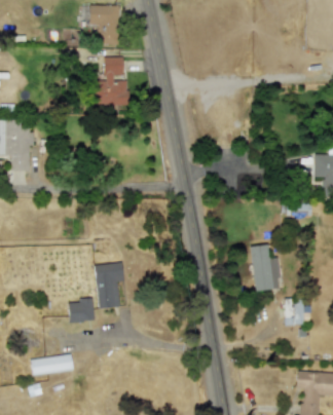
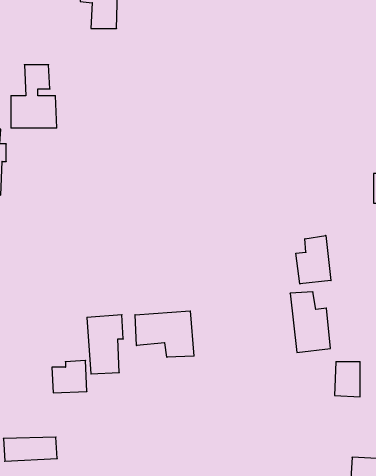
building: [94,56,128,105] -> [11,65,57,128]
building: none -> [296,235,331,284]
building: none -> [135,311,194,357]

